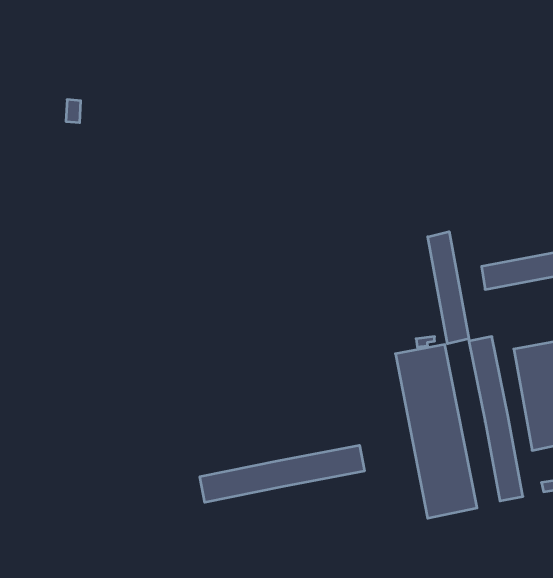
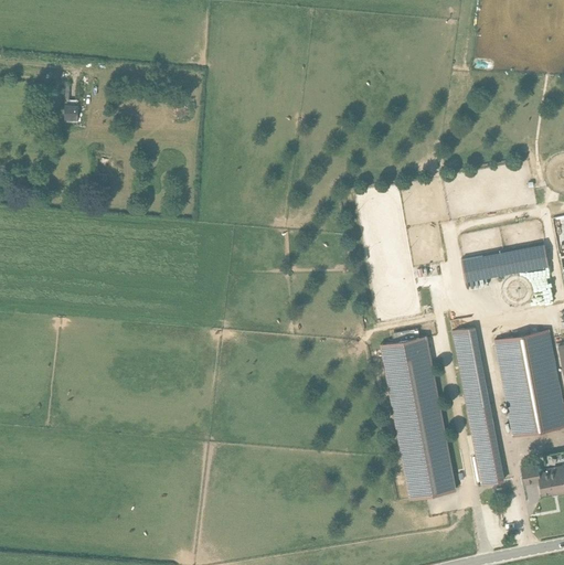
building: [428,232,469,344] -> none
building: [200,445,364,502] -> none

